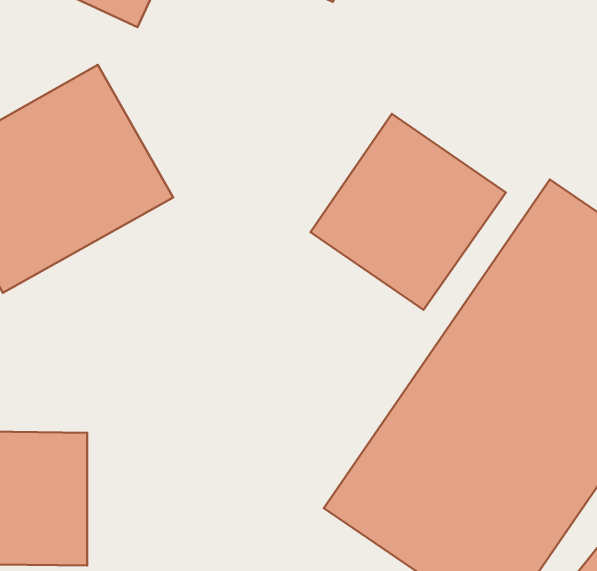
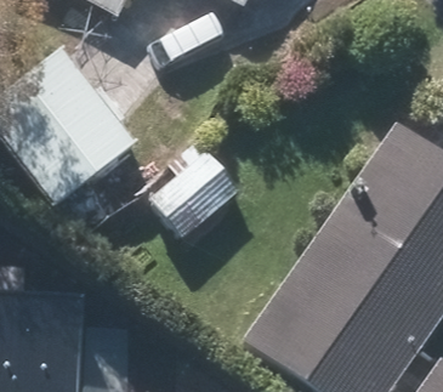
building: [311,114,506,310] -> none

